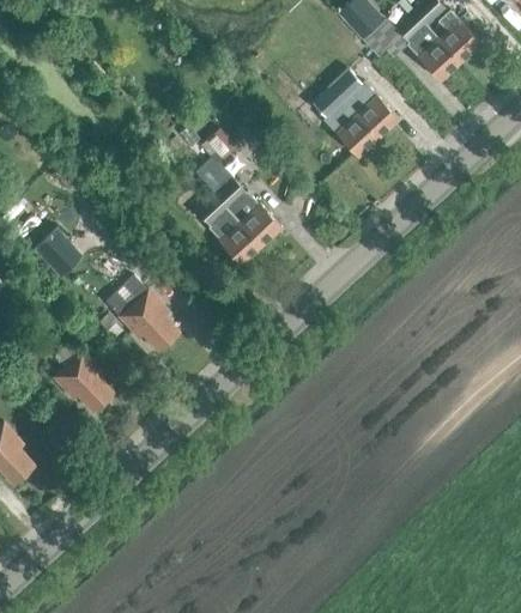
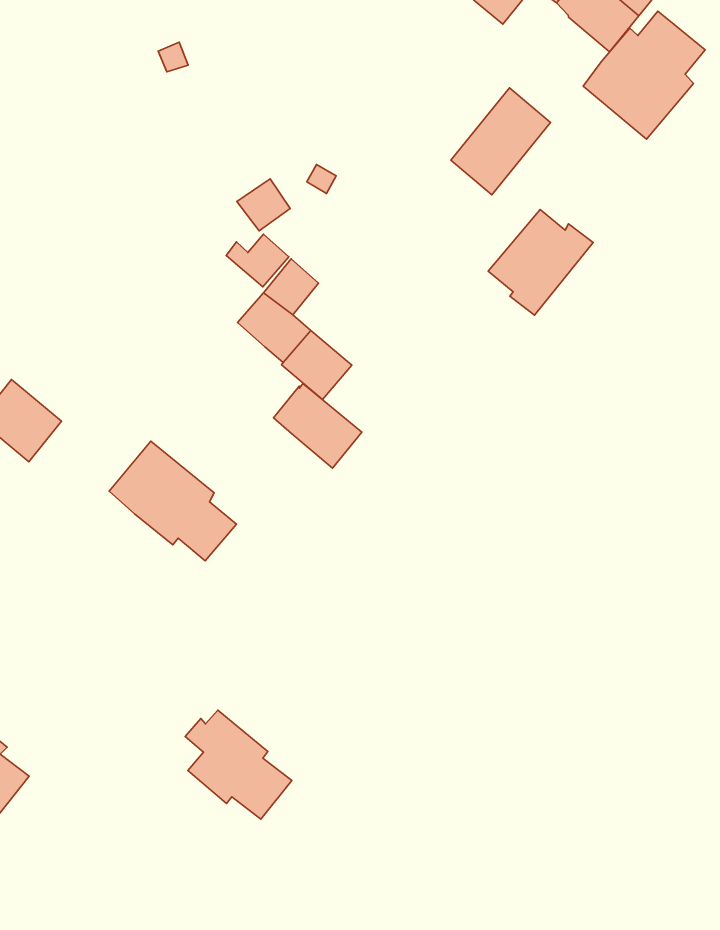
building: none -> [583,11,705,139]
building: [313,71,377,133] -> [488,210,593,315]
building: [230,194,281,247] -> [273,384,362,468]
building: [54,344,115,412] -> [185,710,292,819]

